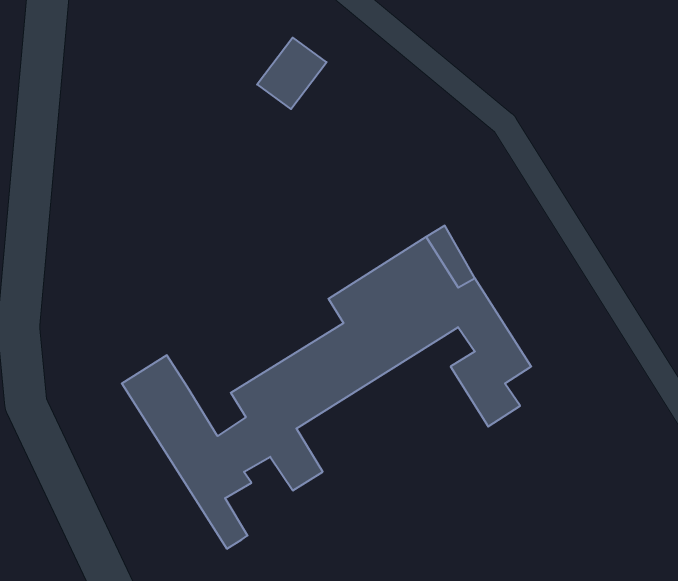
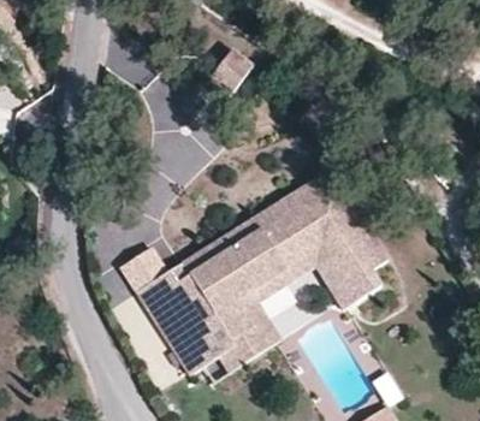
building: none -> [165,215,265,303]
building: none -> [189,233,357,385]

